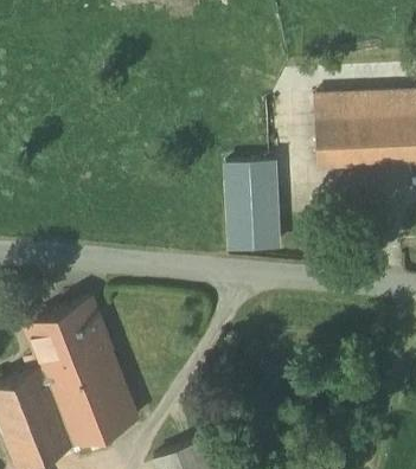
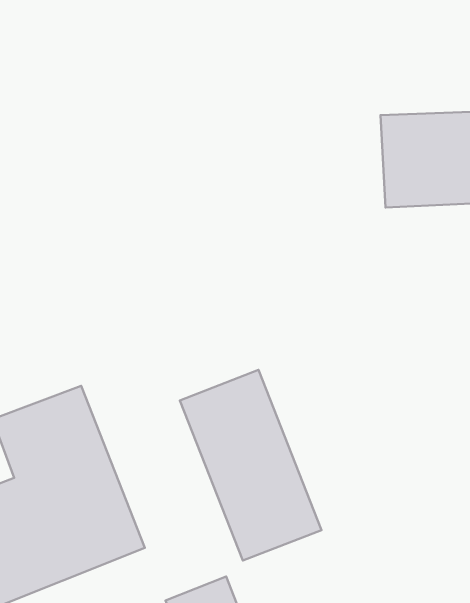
building: [226,163,279,250] -> none
building: none -> [180,370,321,560]

